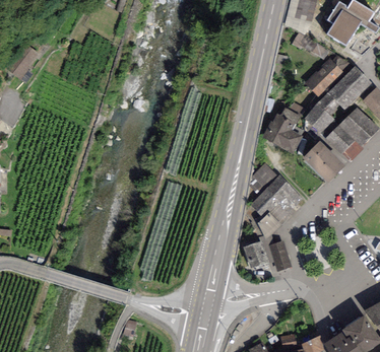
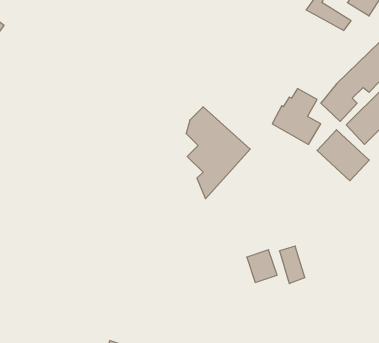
building: [305,57,342,94] -> none
building: [249,162,303,239] -> [186,107,250,199]

